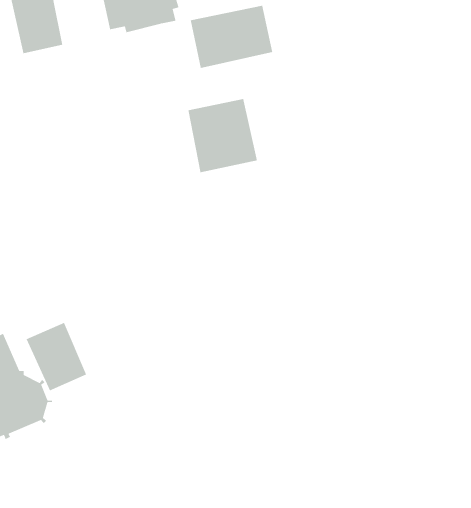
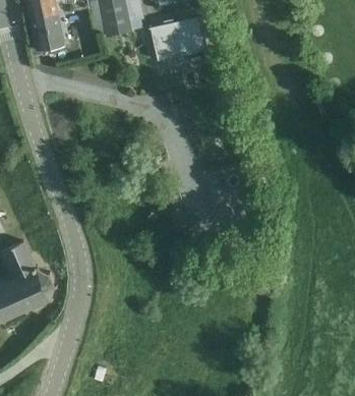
building: [187,98,258,173] -> none
building: [26,322,87,391] -> none

